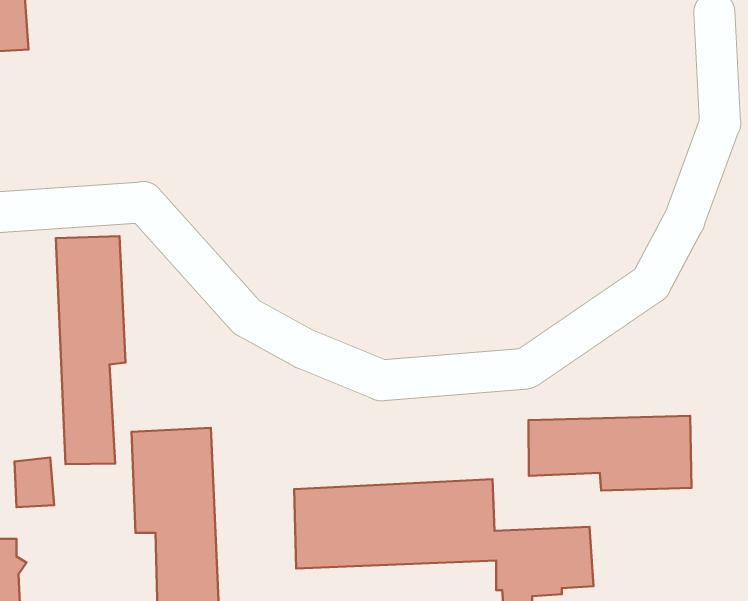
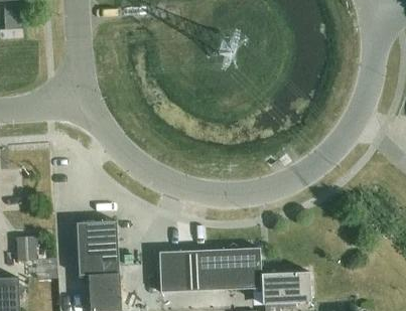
building: [56,236,125,464] -> none
building: [529,416,692,491] -> none

